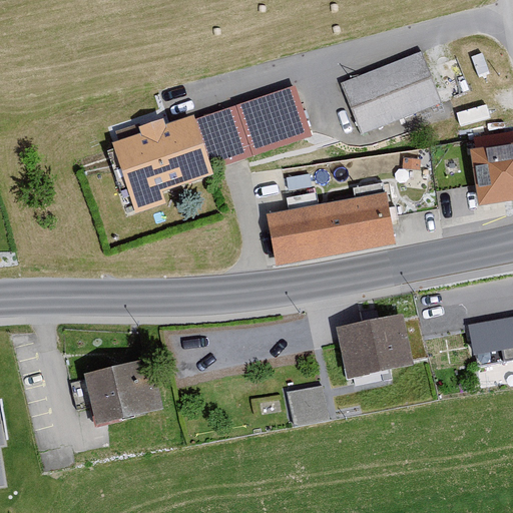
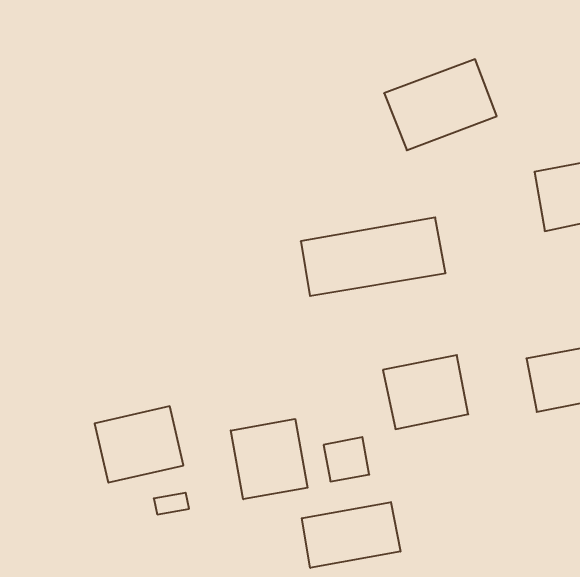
building: [111,86,311,213] -> none
building: none -> [231,419,308,499]
building: none -> [302,502,400,568]

